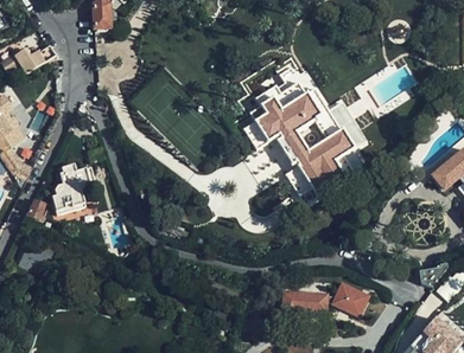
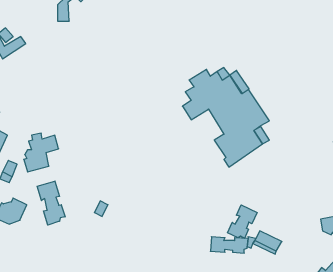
building: none -> [37,181,65,225]
building: none -> [227,205,257,238]

